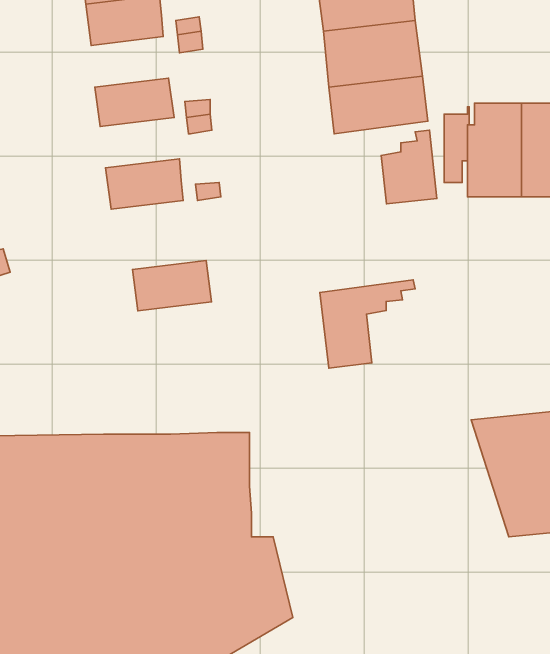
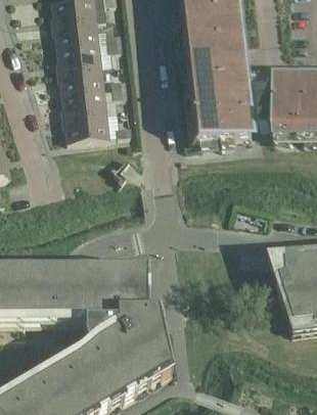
building: none -> [55,38,99,66]
building: [132,261,212,311] -> [60,84,105,112]
building: [320,280,415,368] -> [193,86,247,136]

